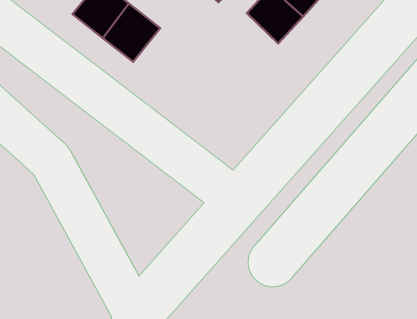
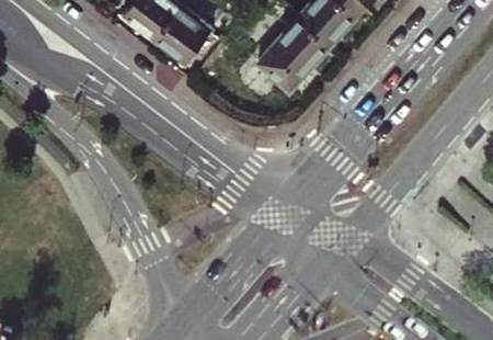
building: none -> [256,14,331,92]

